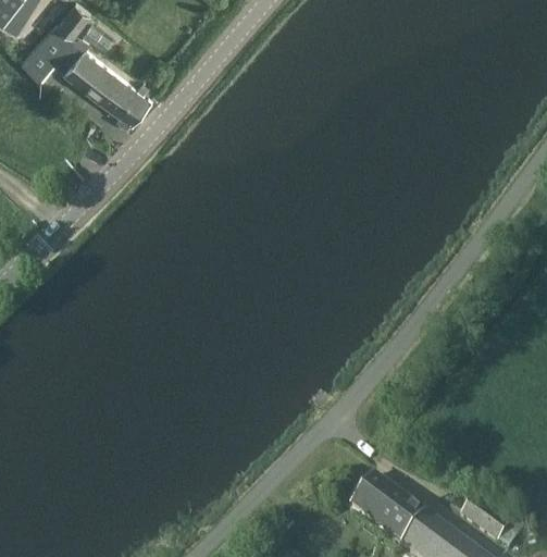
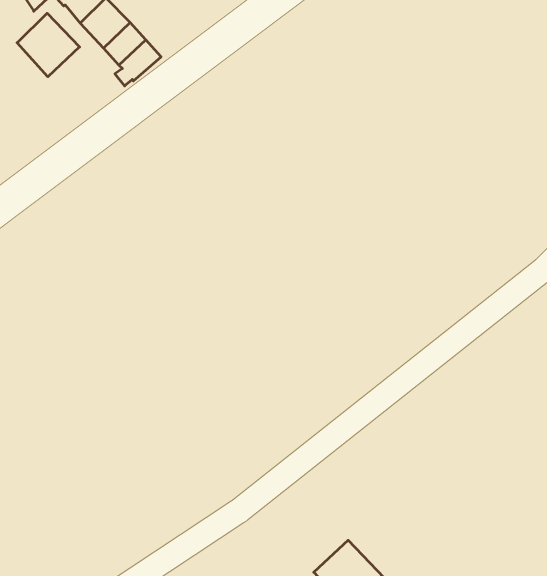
building: none -> [17,13,80,77]

